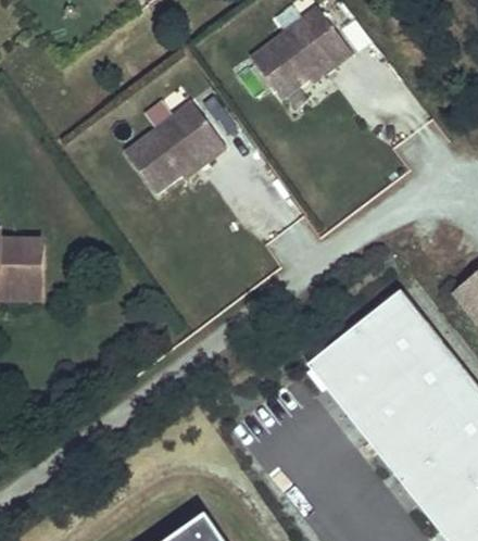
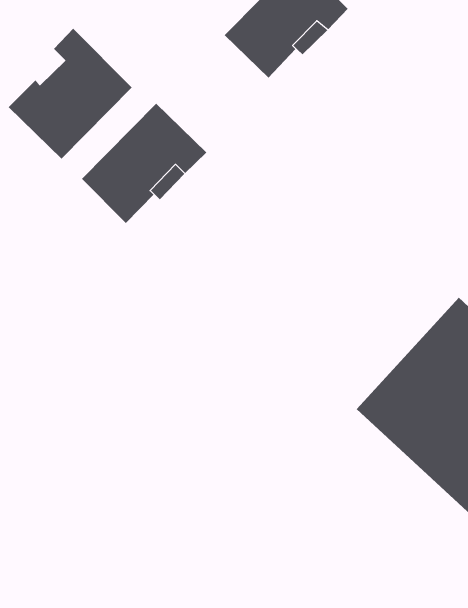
building: none -> [8,28,133,160]

